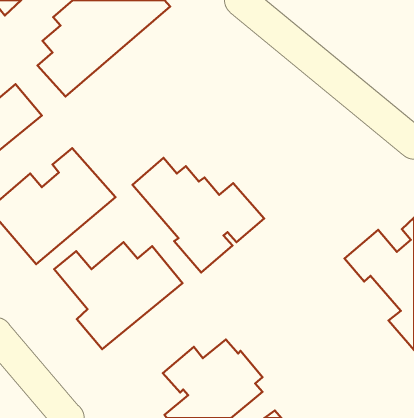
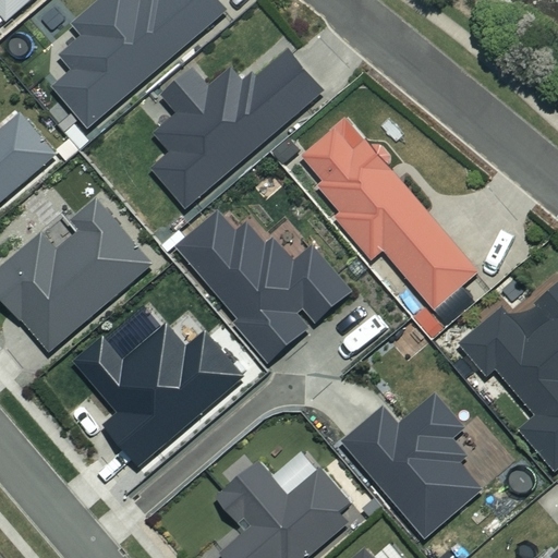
building: none -> [150,48,326,209]
building: none -> [298,125,481,312]
building: none -> [341,392,484,539]

